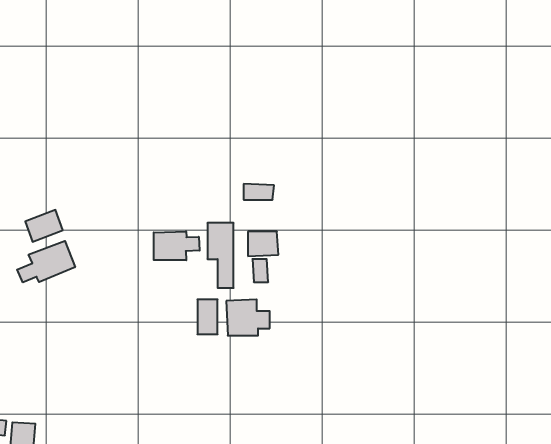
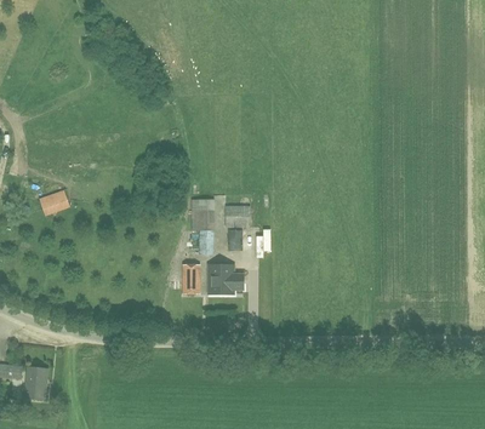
building: [154,231,200,260] -> none
building: [17,241,75,282] -> none

